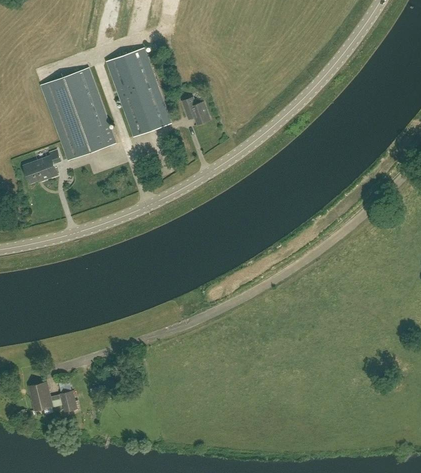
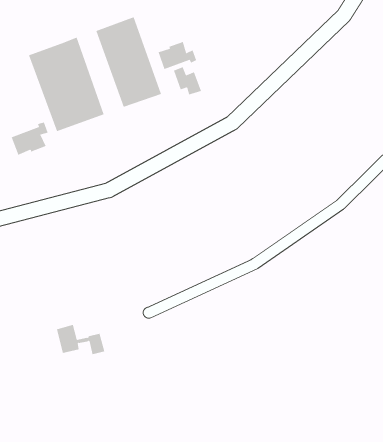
building: none -> [158,41,197,70]
building: [29,381,77,411] -> [56,324,105,355]

